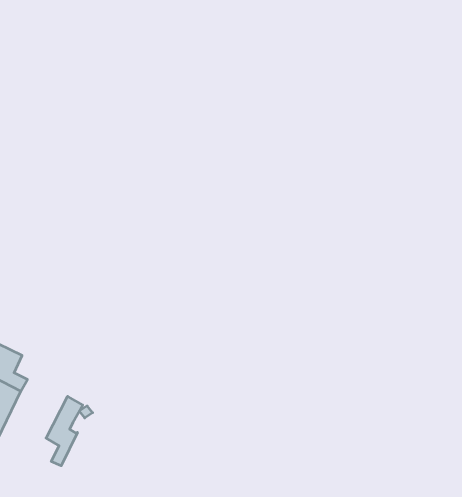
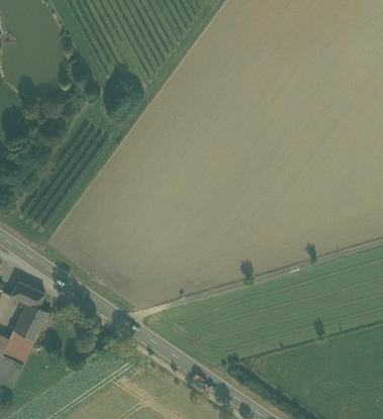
building: [46,396,83,466] -> none

